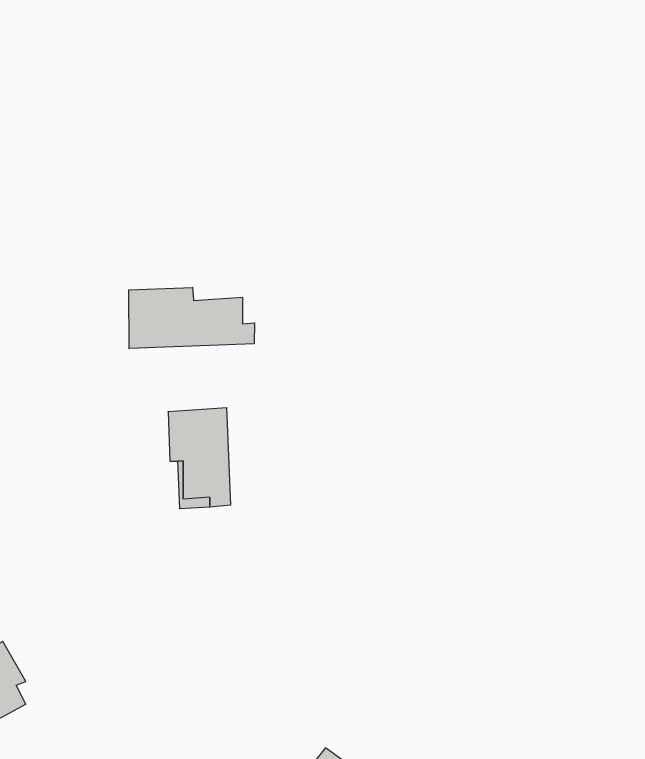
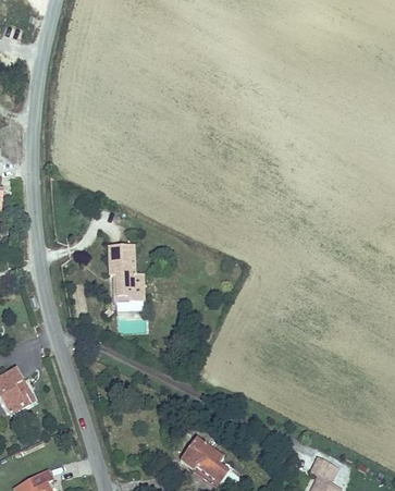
building: [129,287,255,349] -> none

